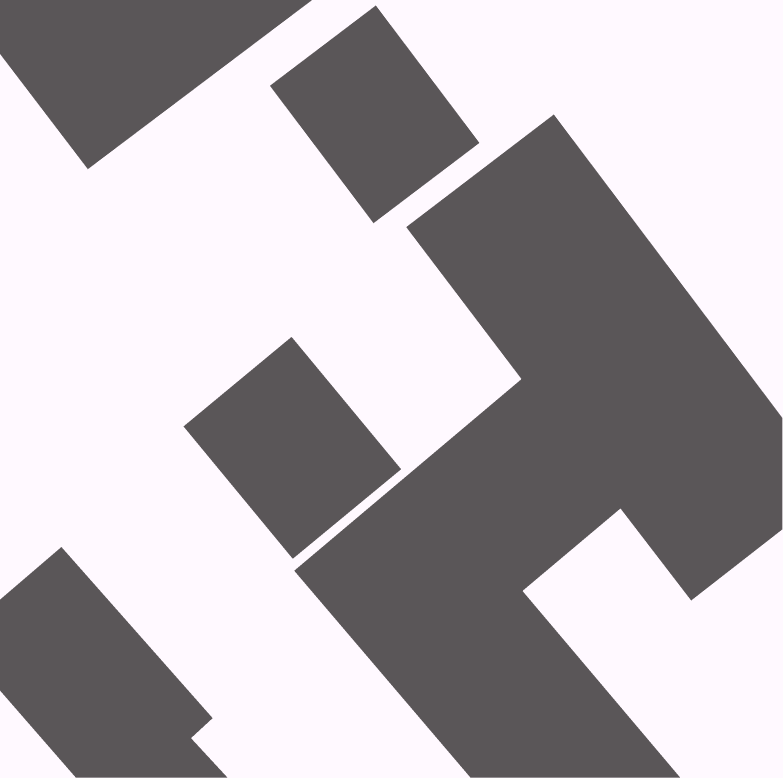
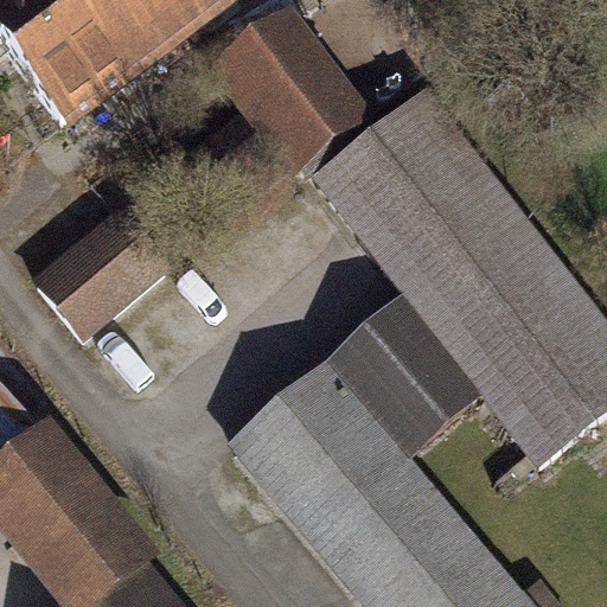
building: none -> [36,211,168,340]
building: [182,336,402,560] -> none

